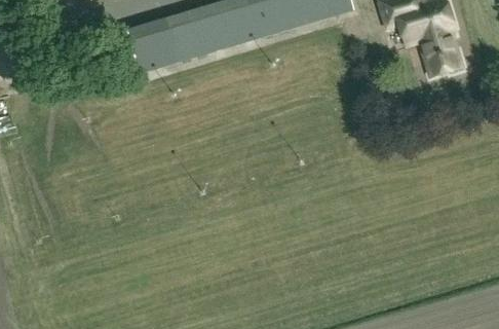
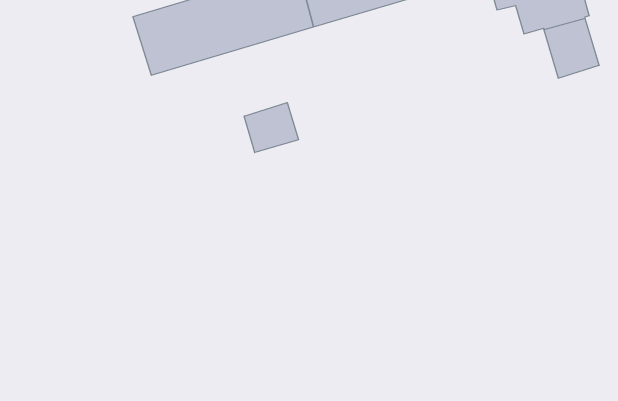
building: none -> [244,103,299,153]

